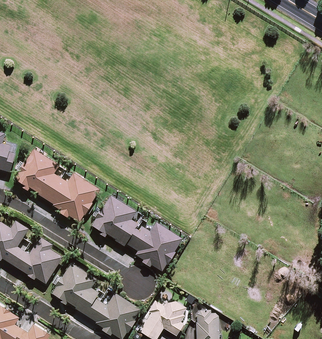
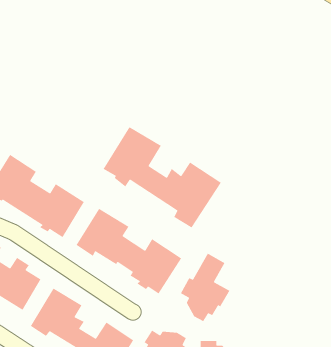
building: none -> [102,126,222,229]
building: none -> [180,253,231,322]

